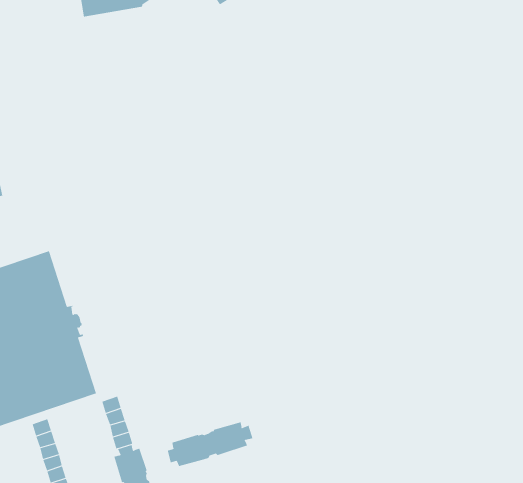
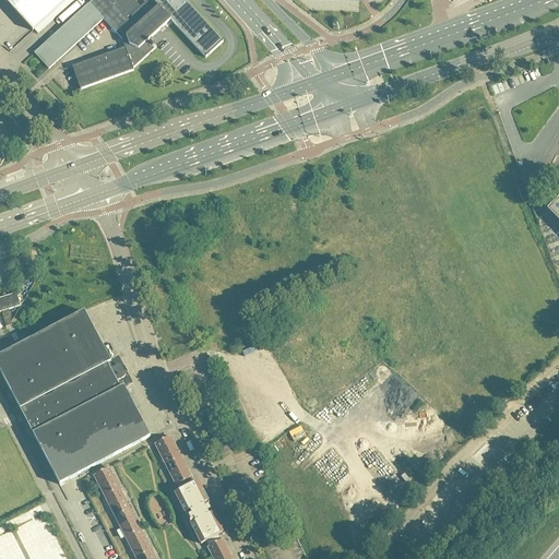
building: [167,421,253,467] -> none

